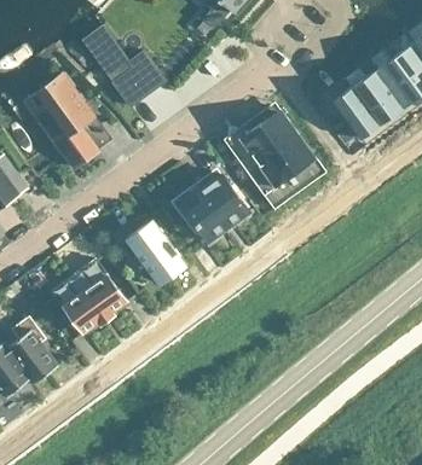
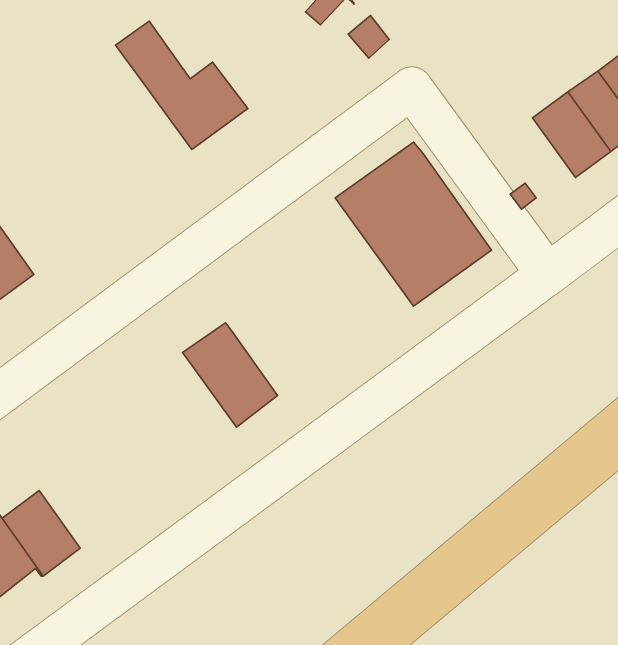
building: [24,72,110,167] -> none
building: [331,86,378,138] -> none
building: [185,173,249,242] -> none
building: [62,257,126,332] -> none

